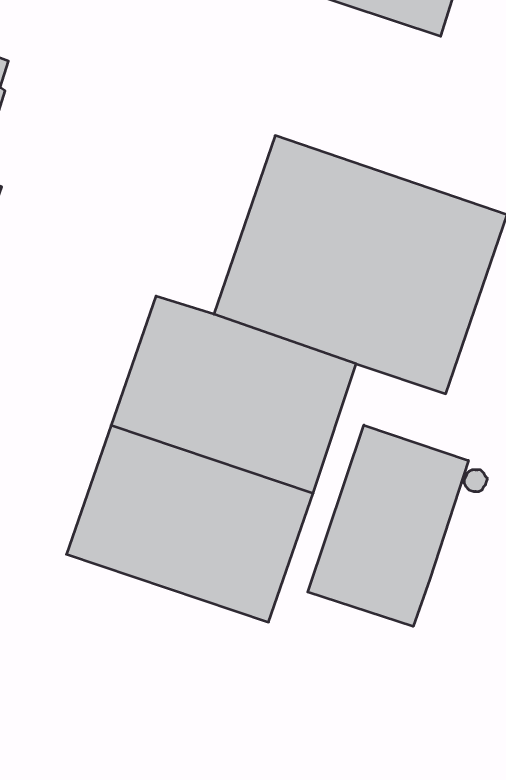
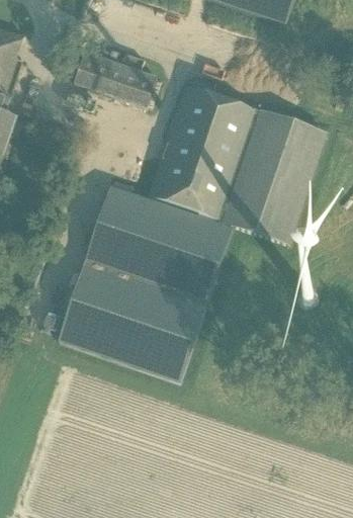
building: none -> [73,51,156,106]
building: [308,425,468,626] -> none

